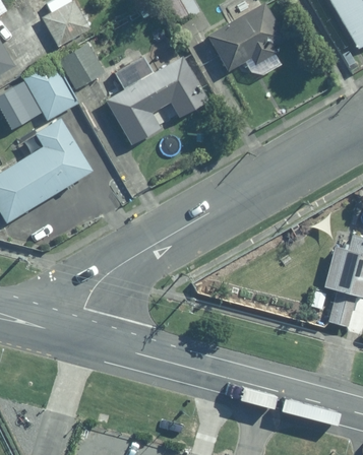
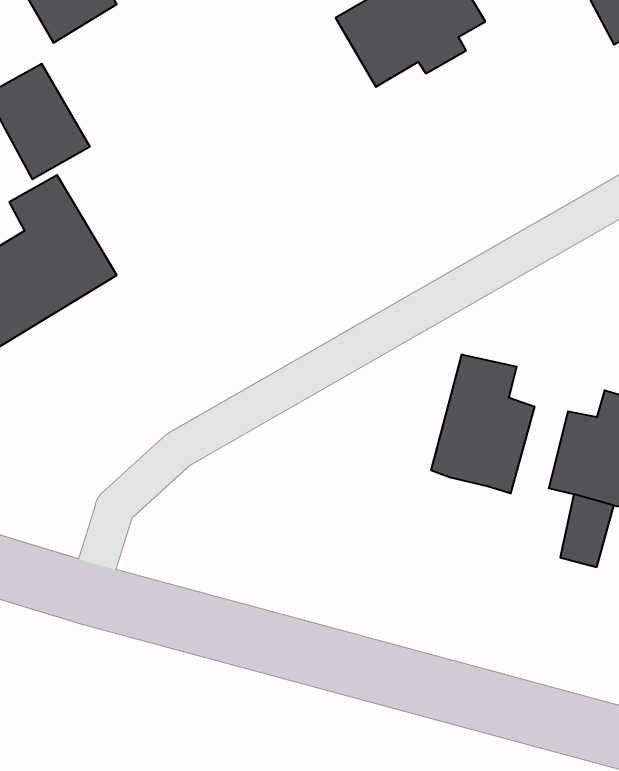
building: [60,42,106,90] -> none
building: [107,57,208,145] -> none
building: none -> [431,354,534,493]

